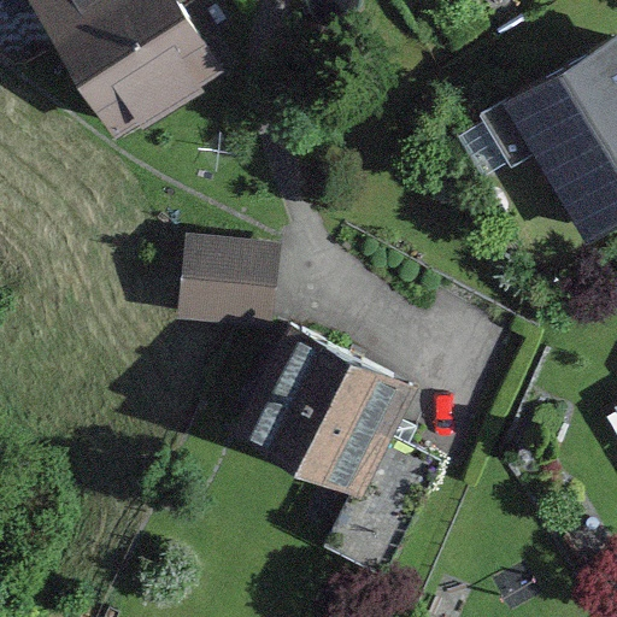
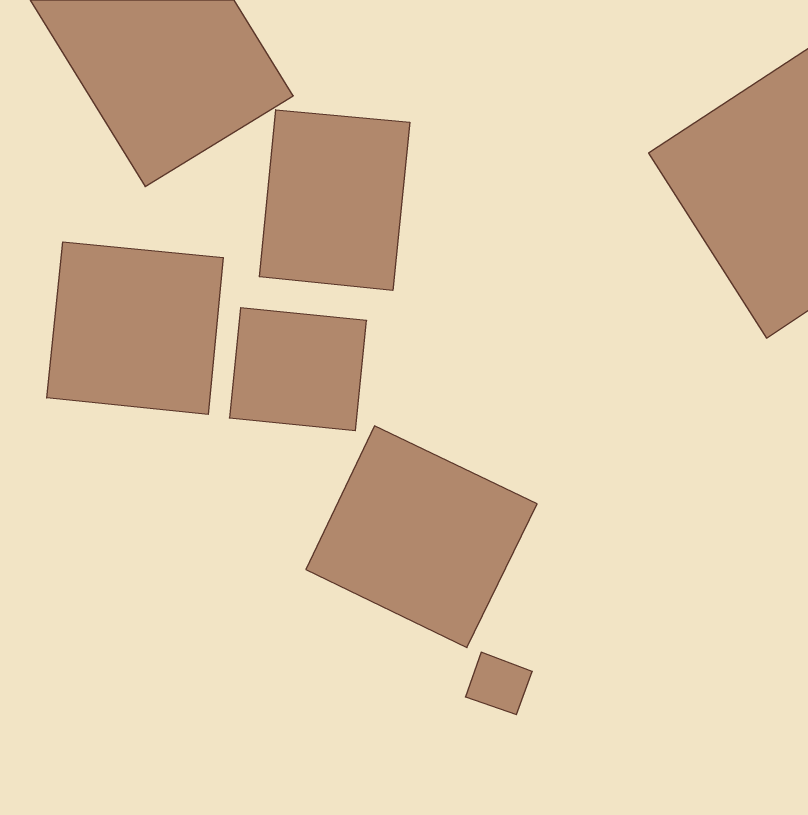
building: none -> [259,110,410,290]
building: none -> [47,242,223,414]

